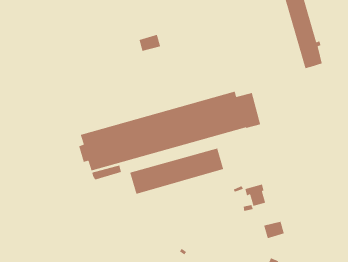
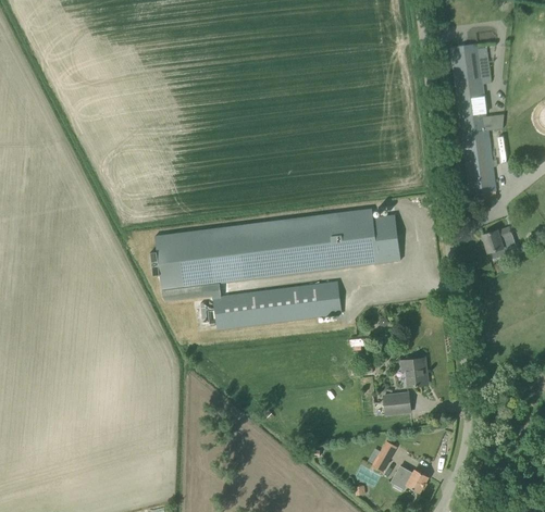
building: [139,34,161,52] -> none
building: none -> [482,226,511,258]
building: [245,184,266,207] -> [400,357,426,386]

